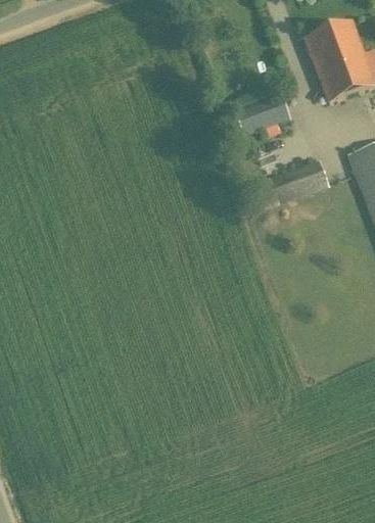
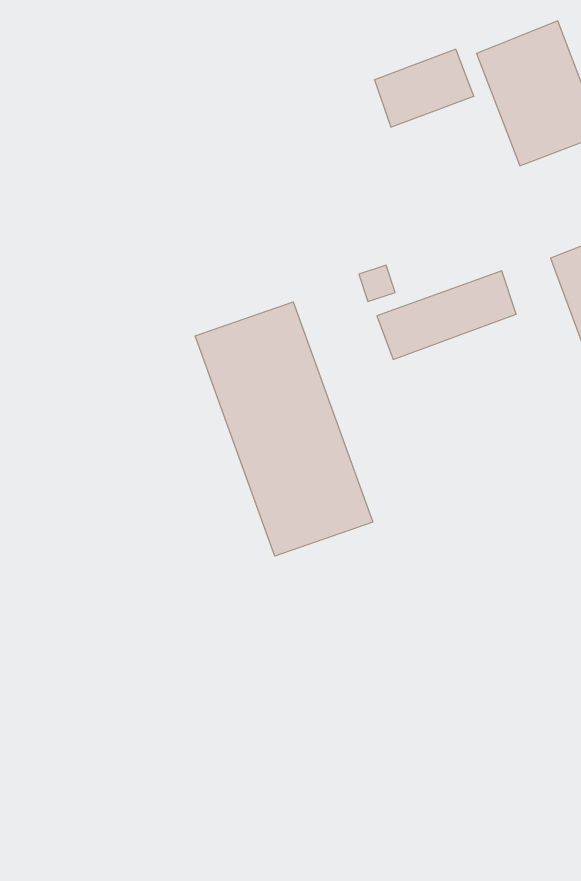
building: [234,91,290,135] -> [374,49,474,127]
building: none -> [195,302,373,556]

